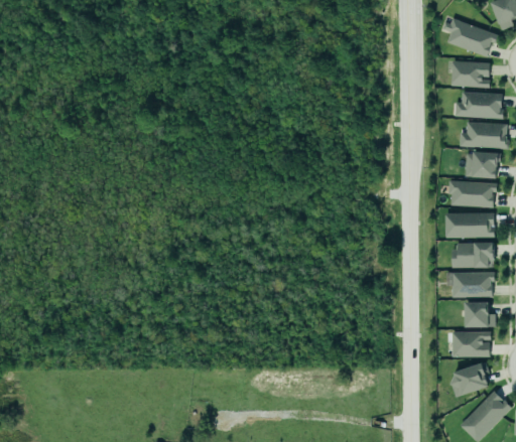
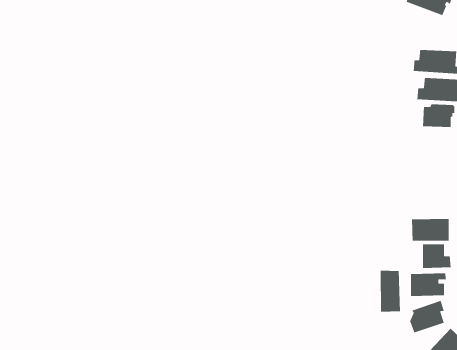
building: [450,60,490,88] -> none
building: [447,180,497,207] -> none
building: [444,211,495,238] -> none
building: [454,244,495,269] -> none
building: none -> [380,270,401,313]

